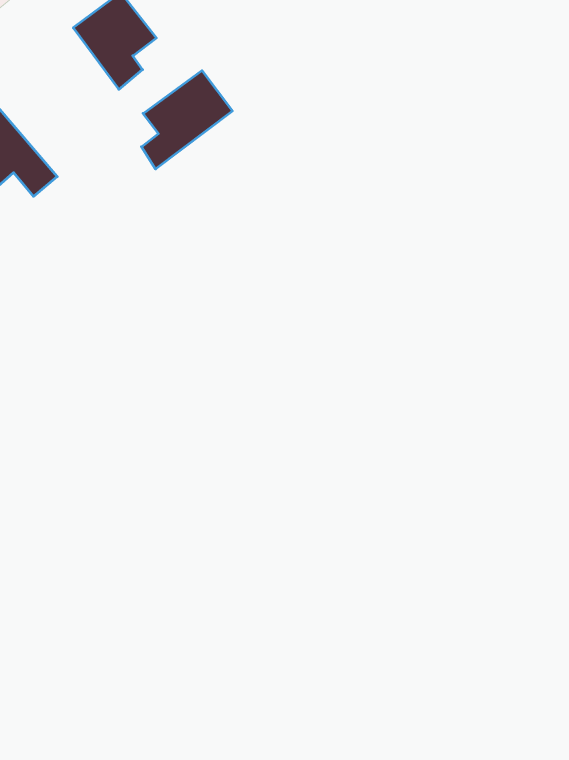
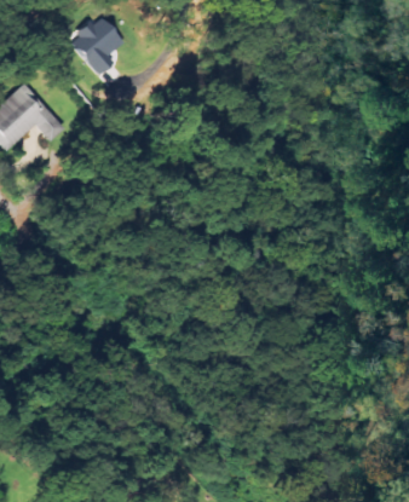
building: [141,71,232,169] -> none

